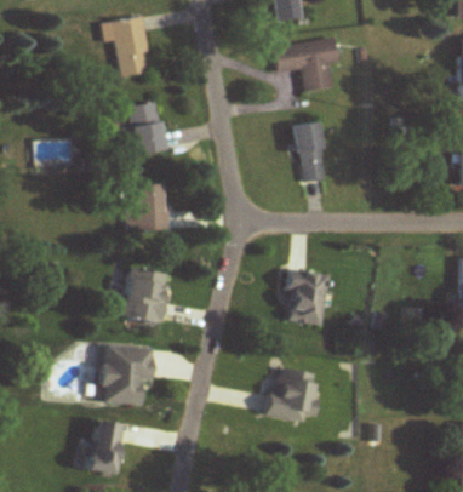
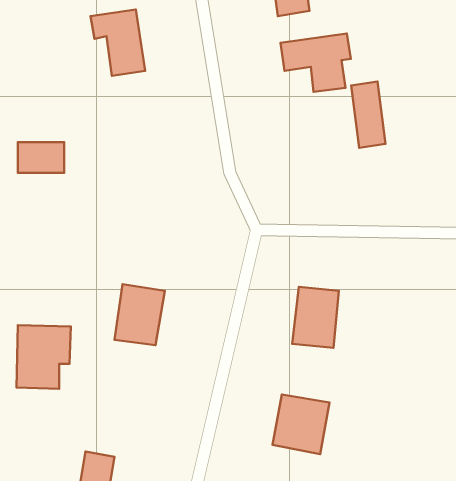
building: [127,102,167,156] -> none
building: [295,122,326,183] -> [351,82,386,148]
building: [126,184,167,230] -> none
building: [102,347,152,405] -> [17,325,71,389]

